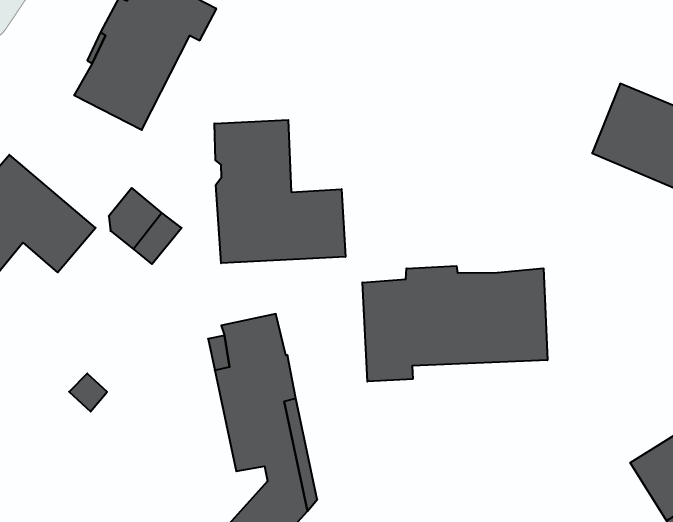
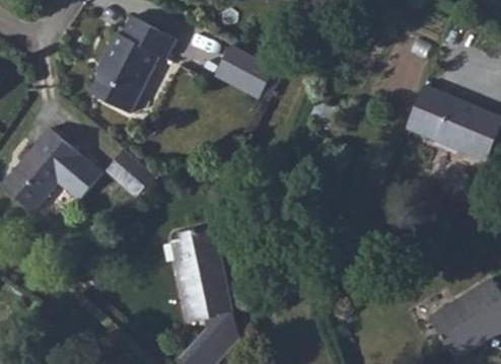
building: none -> [217,46,273,96]
building: [214,120,345,263] -> none
building: [362,266,547,382] -> none

